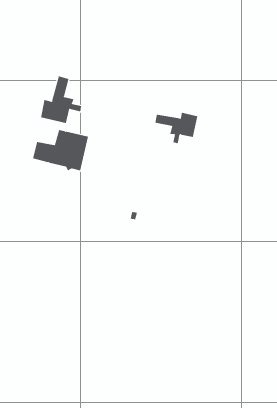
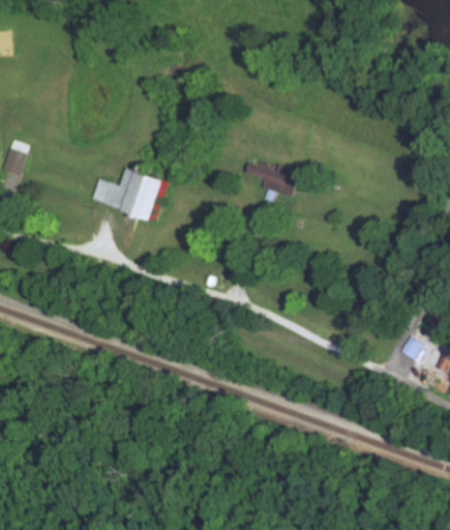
building: [40,76,82,124] -> none

